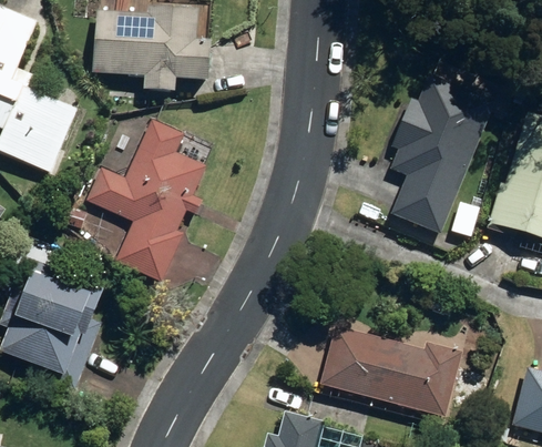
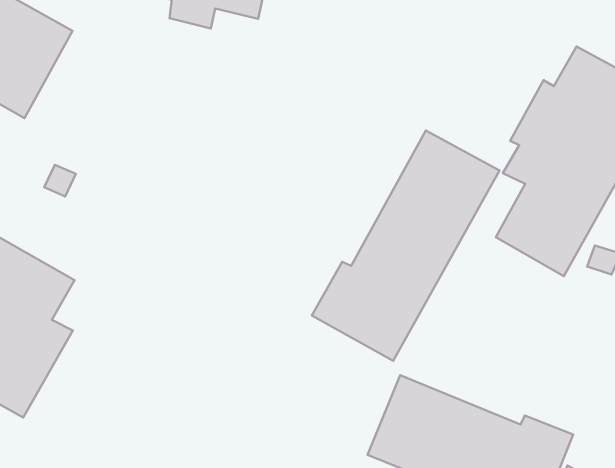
building: [88,124,204,286] -> none
building: none -> [312,130,499,361]

